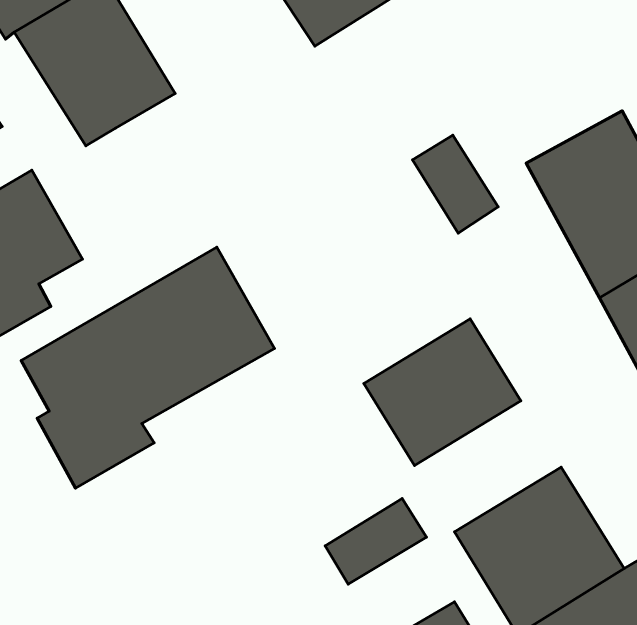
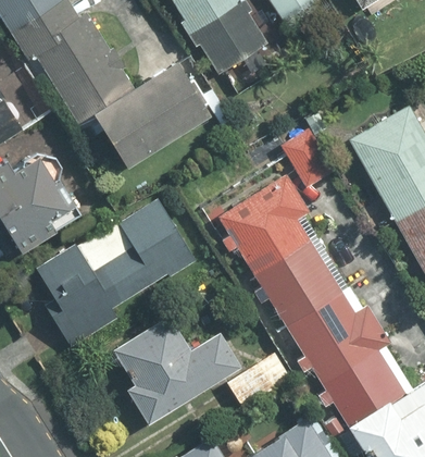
building: none -> [98,67,213,166]
building: none -> [216,182,318,280]
building: none -> [284,291,375,372]
building: none -> [111,313,245,420]

